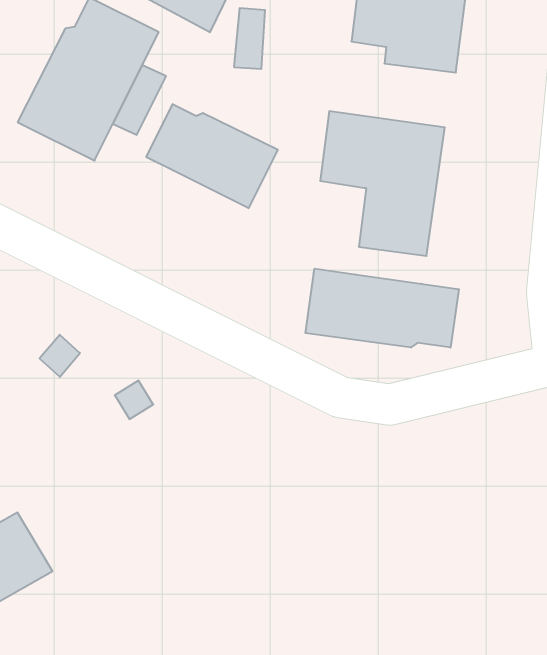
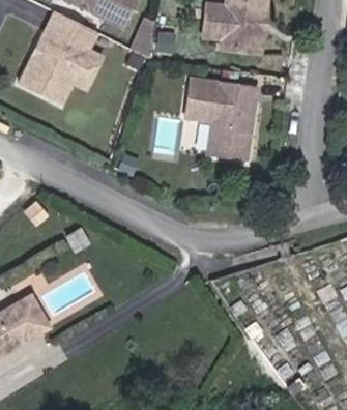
building: [146,104,278,208] -> none
building: [305,269,459,348] -> none

